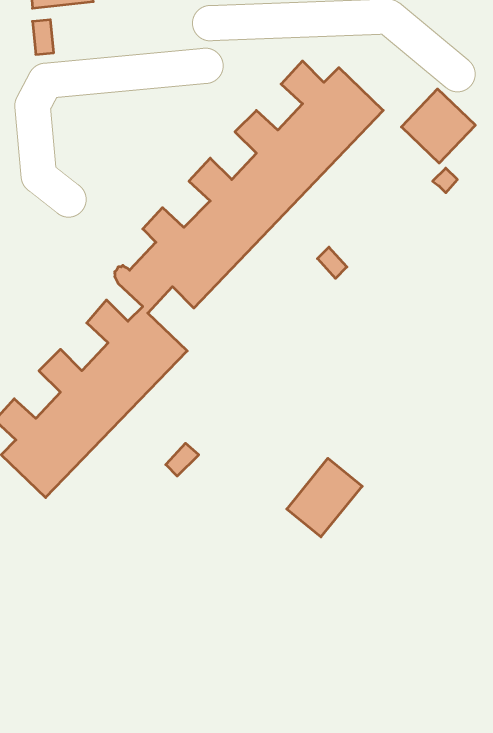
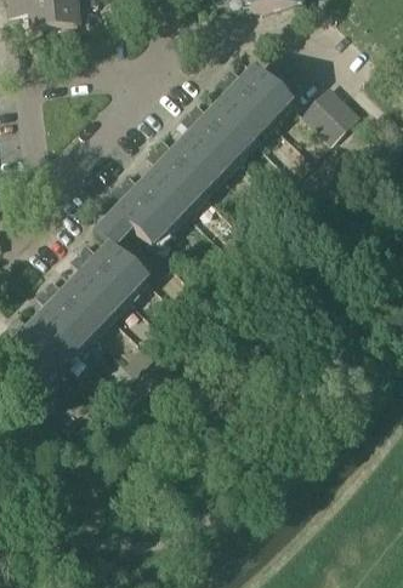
building: [287,458,362,537] -> none

